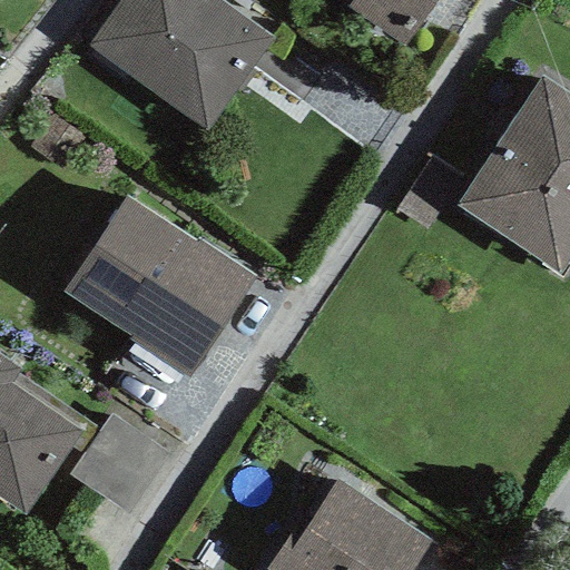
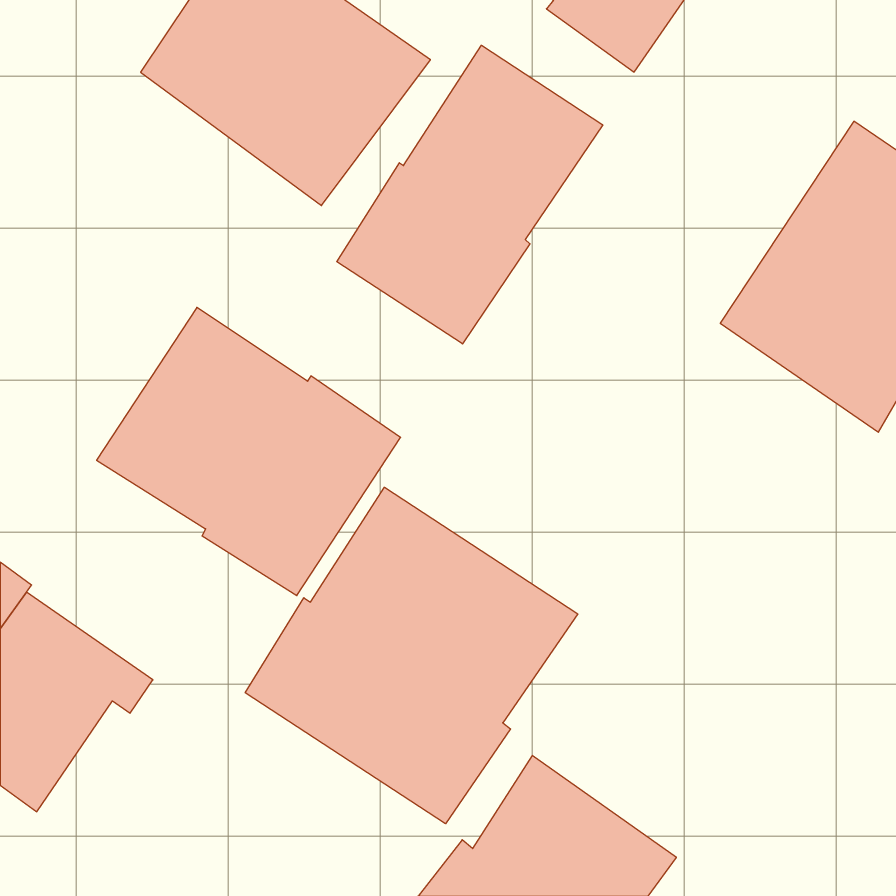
building: none -> [337,45,603,344]
building: none -> [245,487,578,824]

